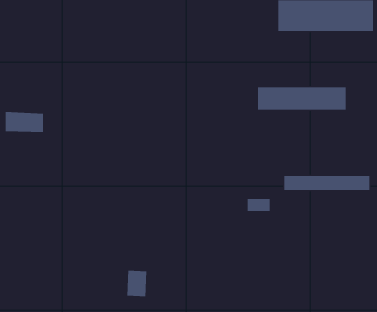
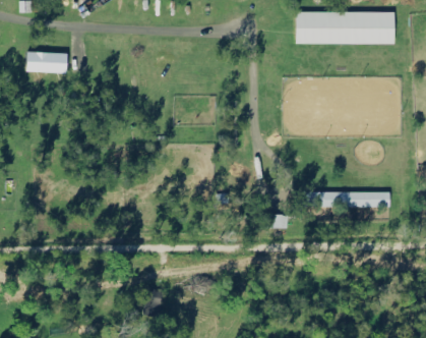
building: [257,86,346,110] -> none
building: [5,112,44,132] -> [28,52,68,73]

